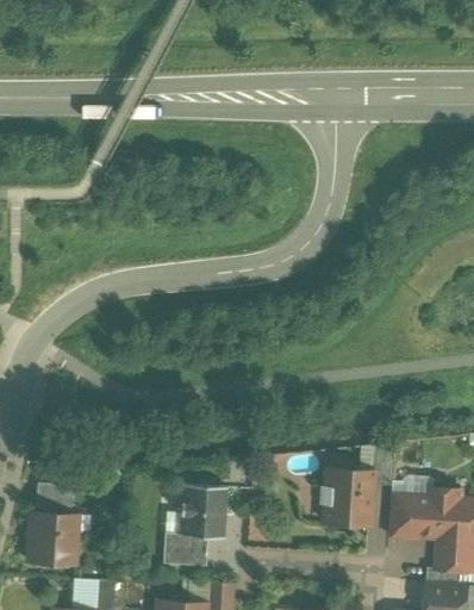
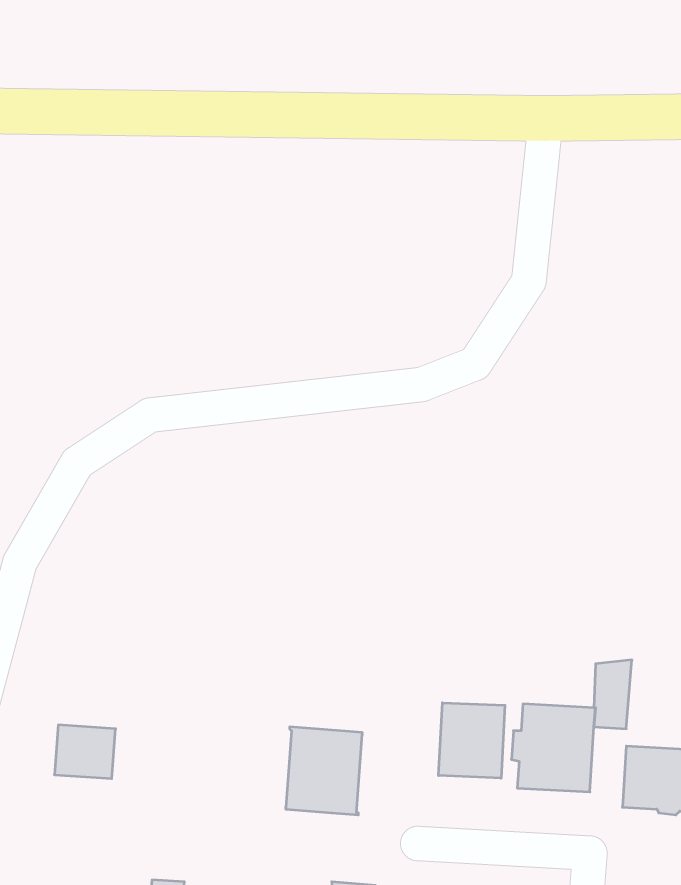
building: none -> [439,703,505,778]
building: [29,513,77,564] -> none
building: [163,533,208,566] -> none

